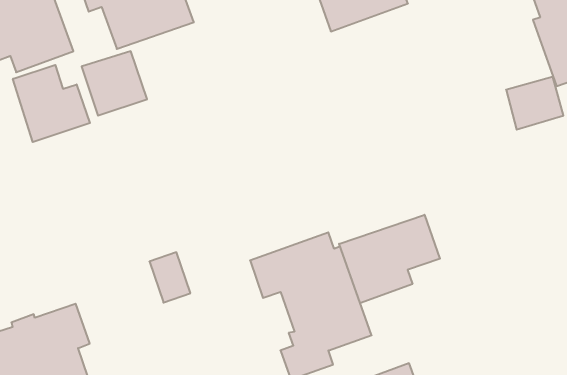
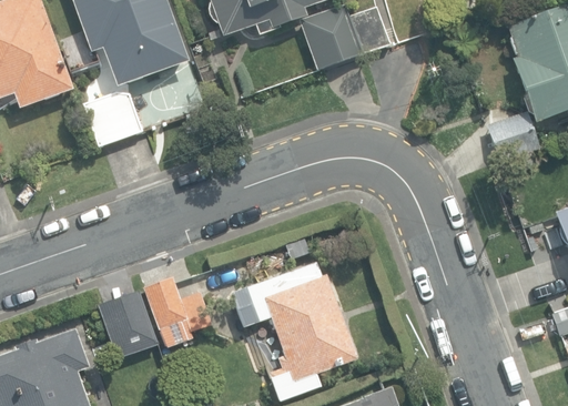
building: [13,65,90,142] -> none
building: [339,215,440,303] -> none
building: none -> [98,288,159,358]

